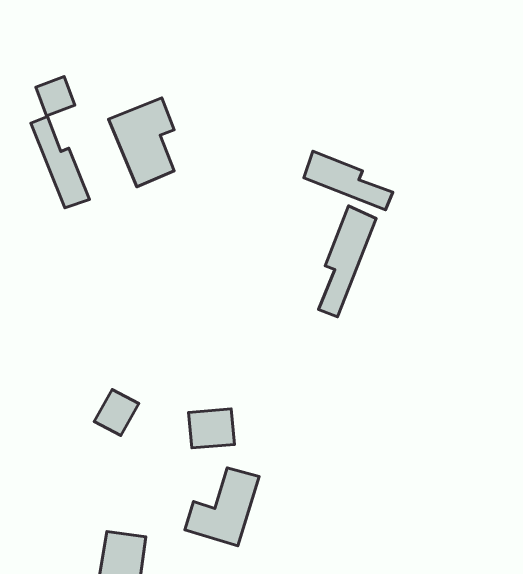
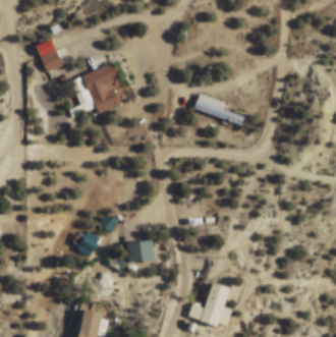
building: [31,116,90,208] -> none
building: [318,206,376,317] -> none
building: [185,468,259,546] -> [188,282,231,327]

